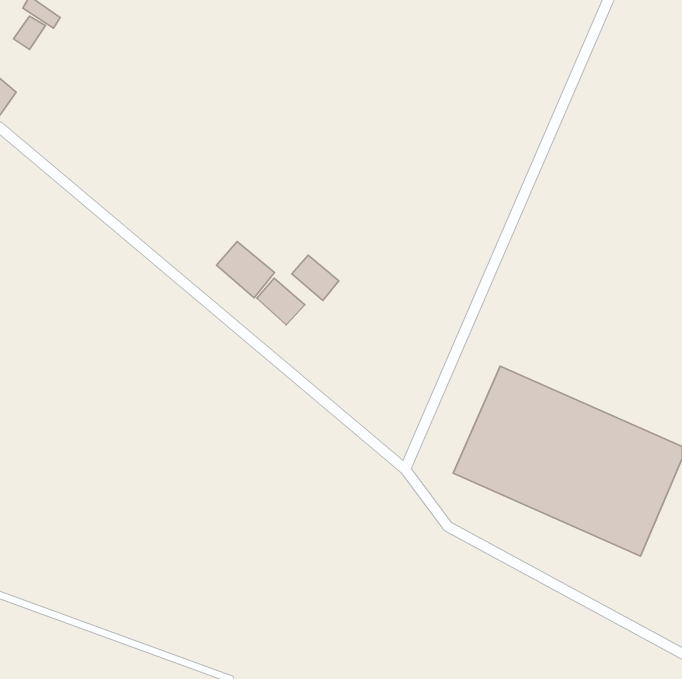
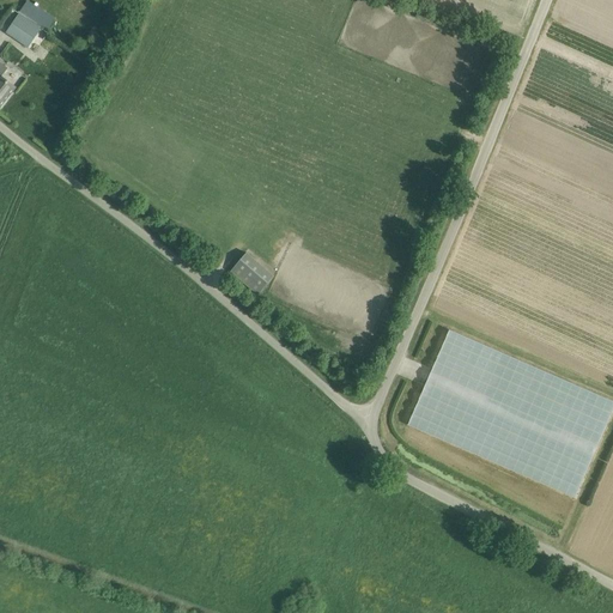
building: [216,241,275,298] -> none
building: [292,255,339,301] -> none

